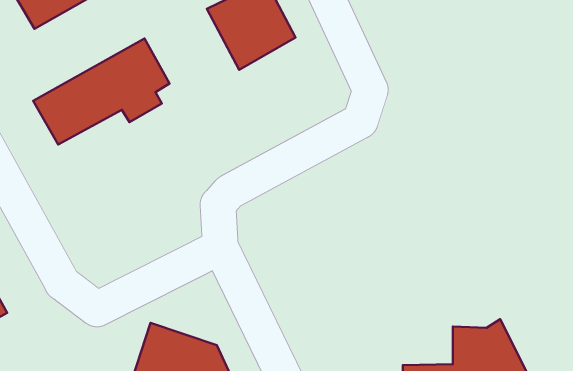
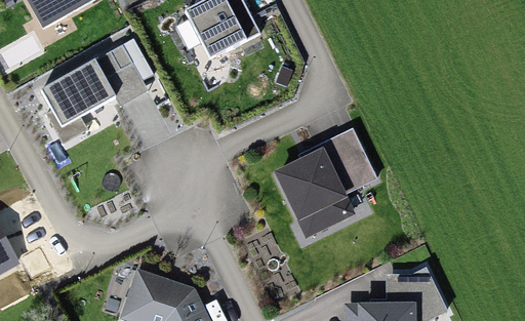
building: none -> [273,133,374,238]

